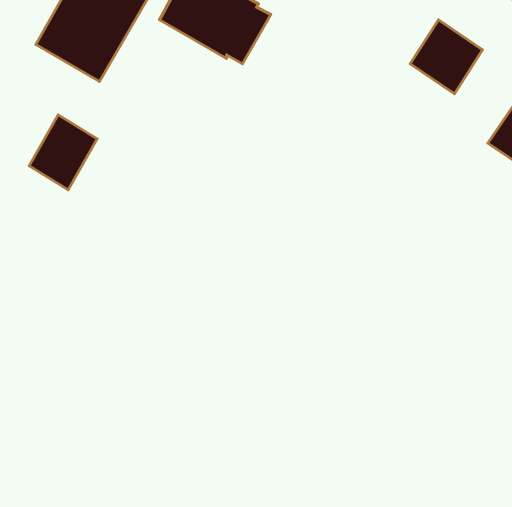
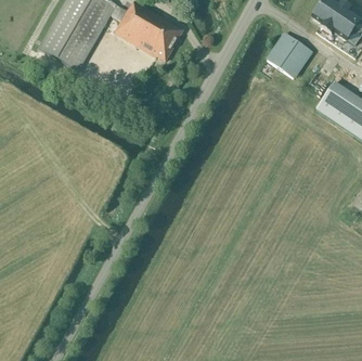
building: [29,115,97,190] -> none

